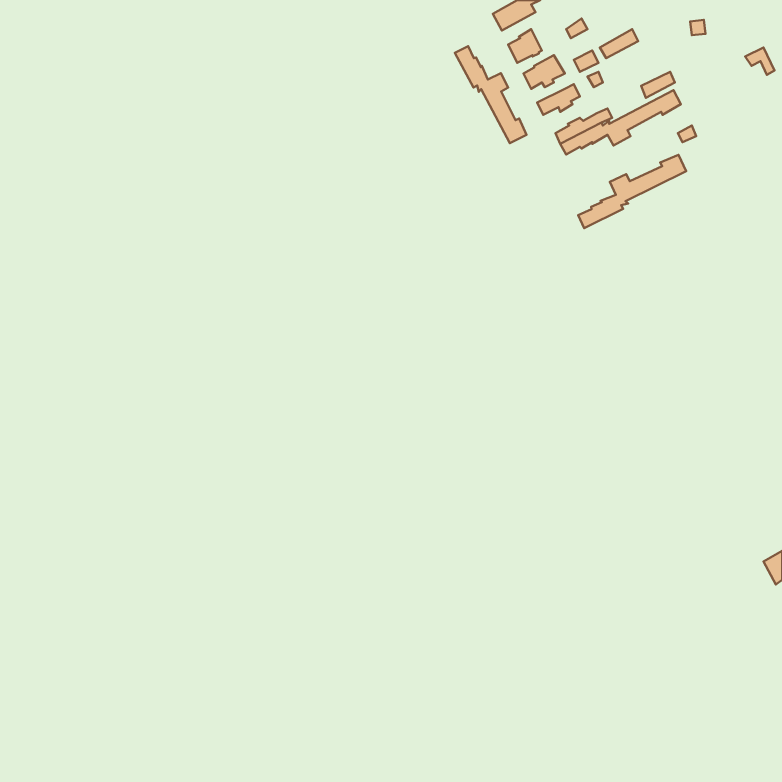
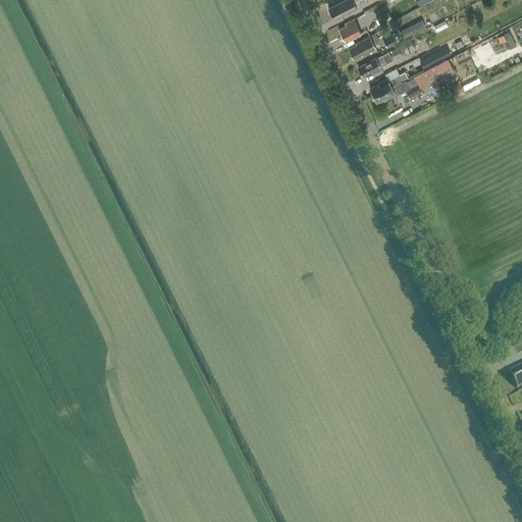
building: [455,46,526,143] -> none
building: [578,155,686,228] -> none

